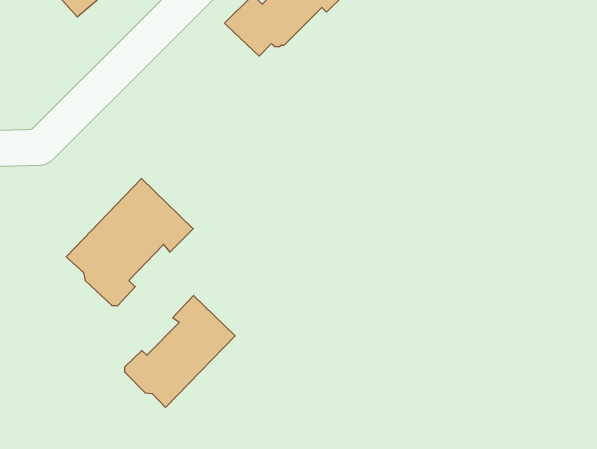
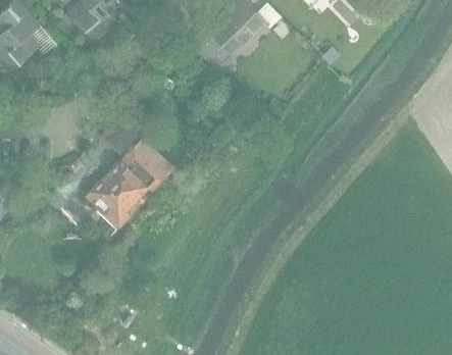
building: [125,295,235,407] -> none

